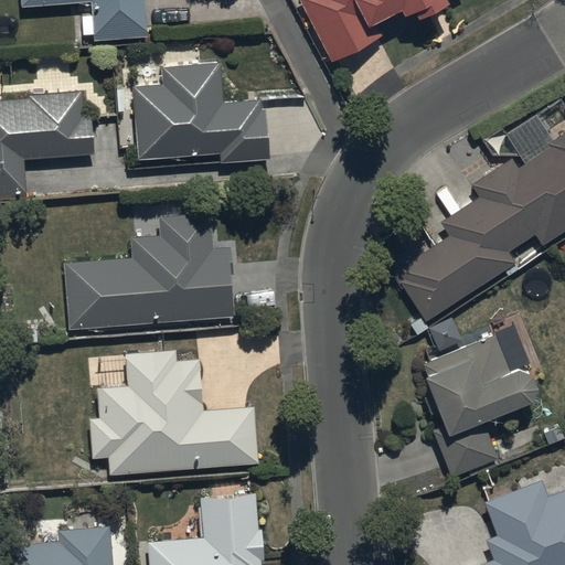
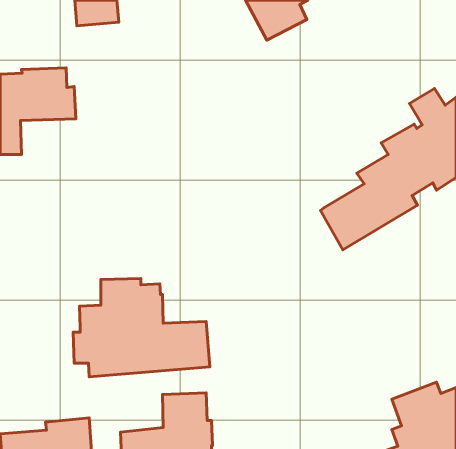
building: [131,61,271,163] -> none
building: [64,213,235,330] -> none
building: [423,334,540,476] -> none

